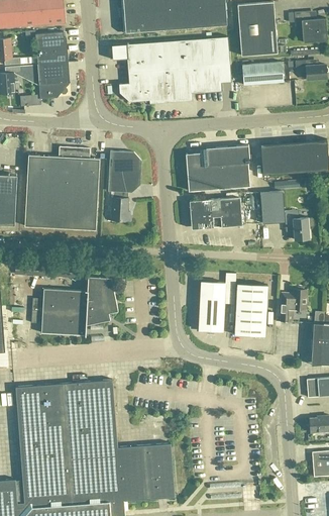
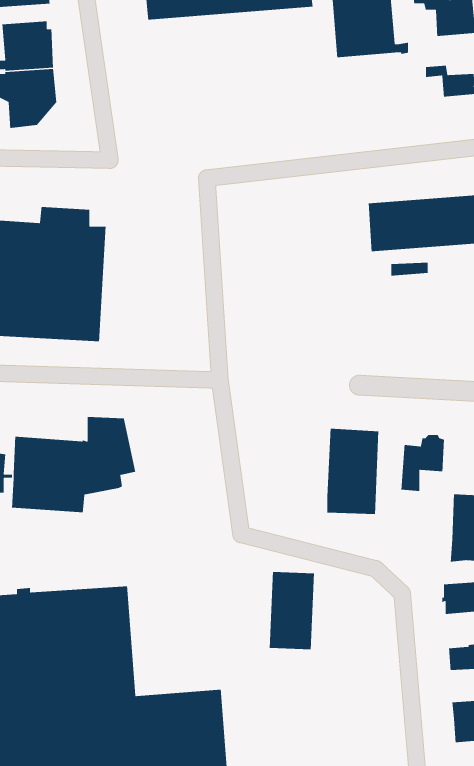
building: [112,37,231,104] -> none
building: [242,62,284,85] -> none
building: [186,144,250,191] -> none
building: [107,150,141,221] -> none
building: [260,191,314,240] -> none
building: [190,197,242,229] -> none
building: [197,282,225,330] -> [269,571,315,650]

